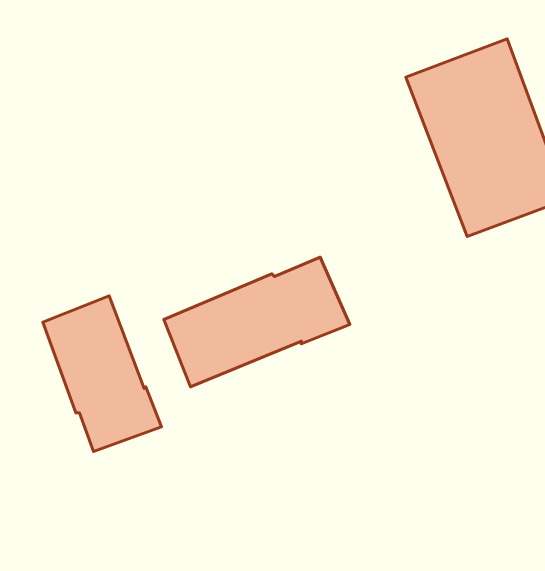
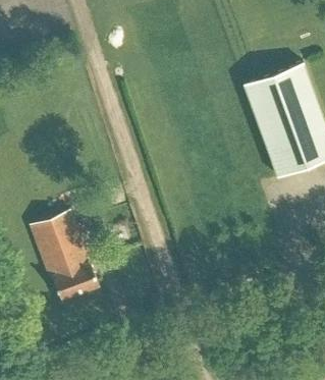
building: [164,257,350,387] -> none

